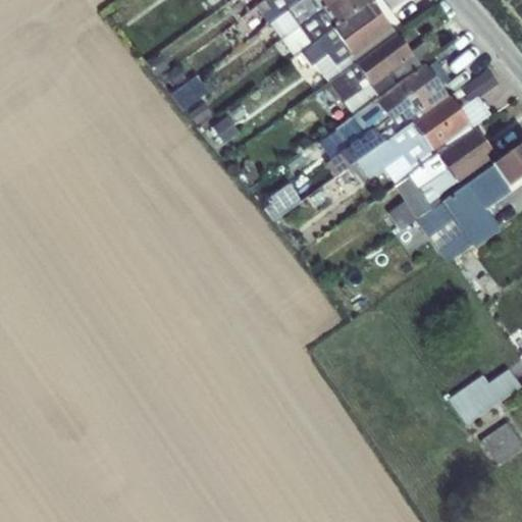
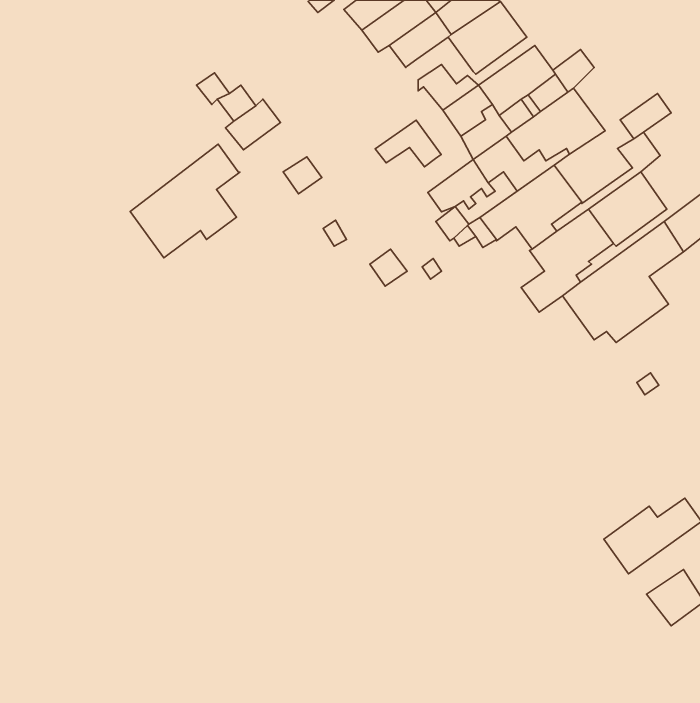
building: [304,28,353,62] -> [375,120,441,167]
building: [413,97,471,151] -> none
building: none -> [130,144,240,258]

